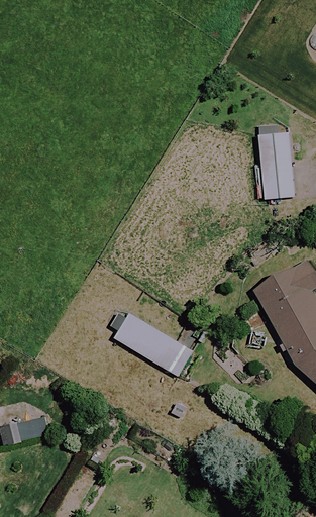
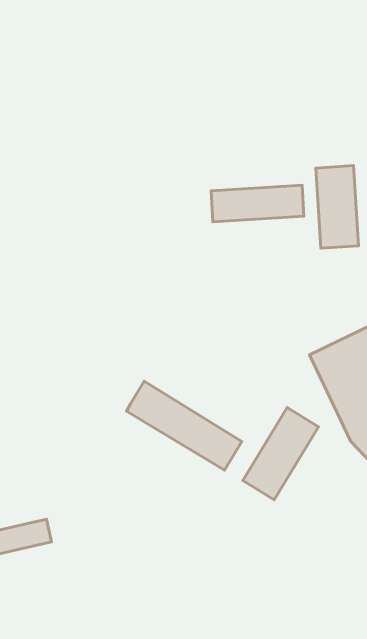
building: none -> [211,185,304,222]
building: none -> [243,407,319,500]

